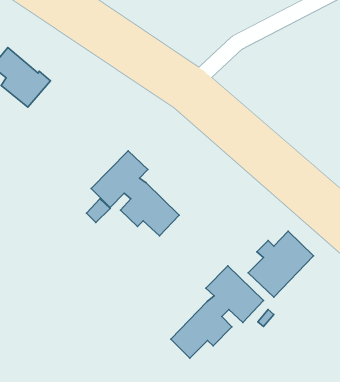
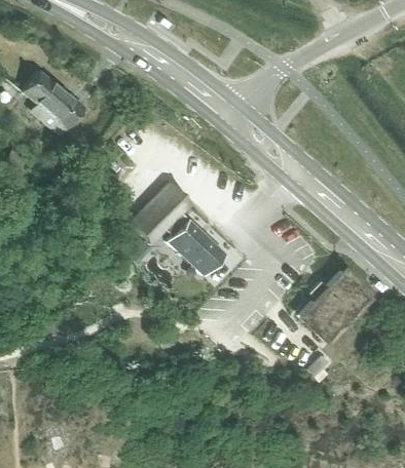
building: [171,266,264,358] -> none

